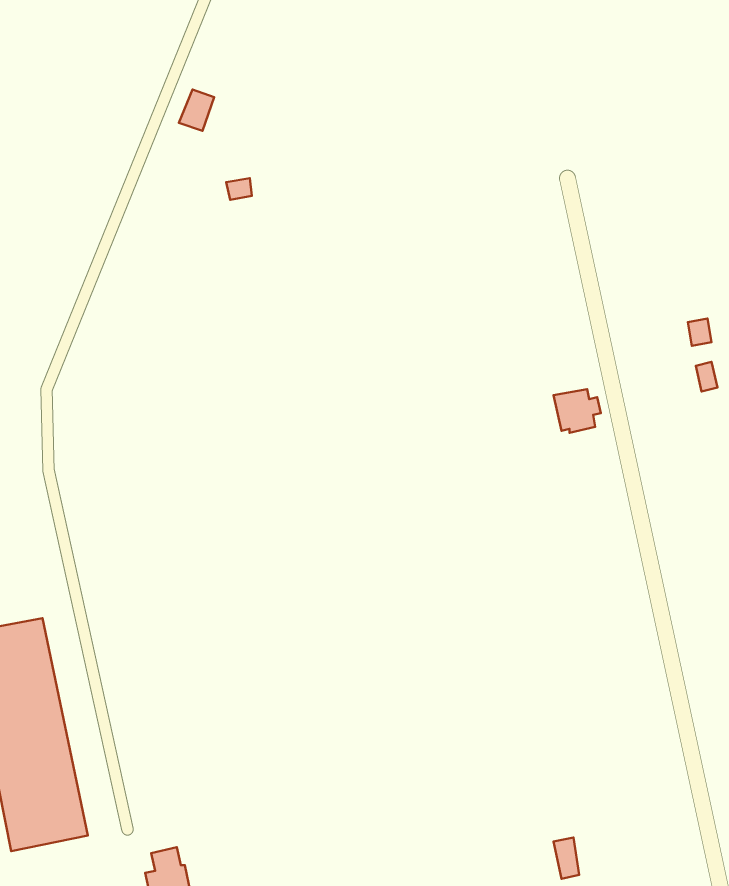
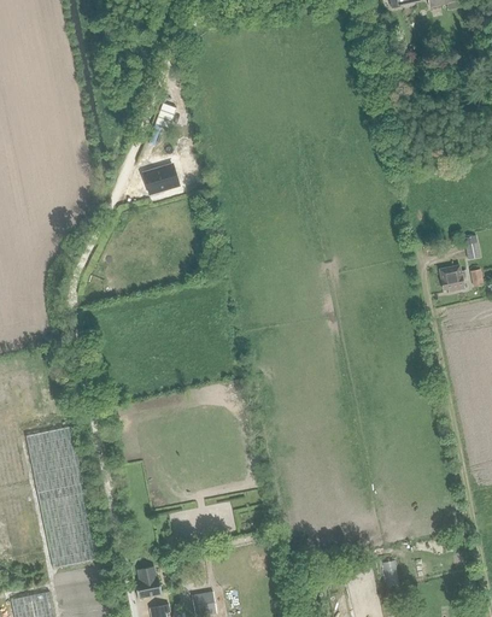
building: none -> [142,165,177,194]
building: [554,389,601,433] -> [438,266,467,293]

